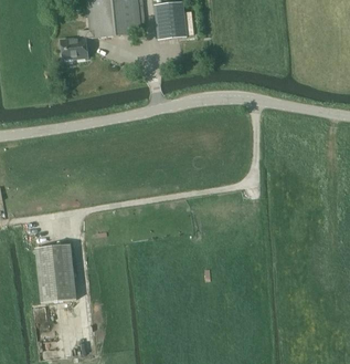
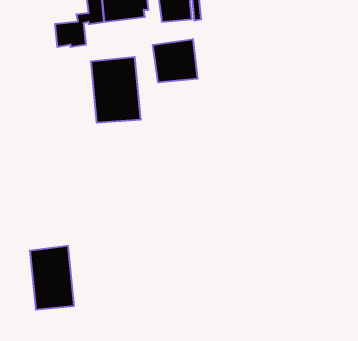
building: none -> [153,39,198,83]
building: none -> [91,57,141,123]

